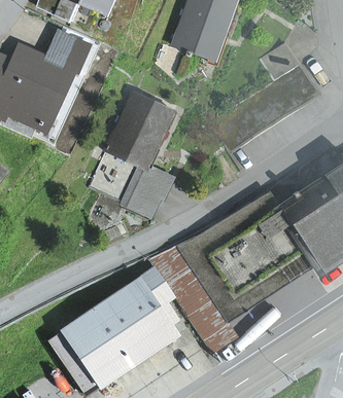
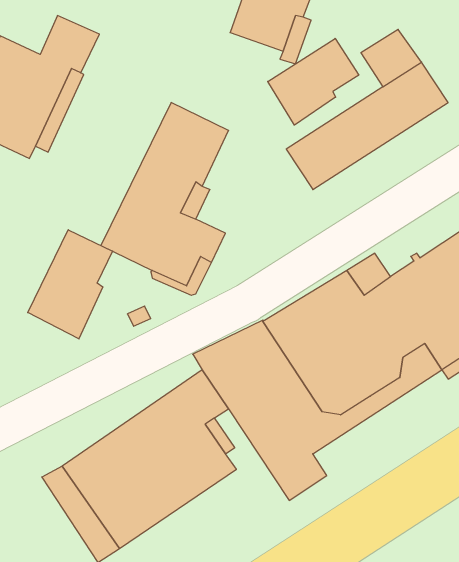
building: none -> [268,38,359,125]
building: none -> [28,230,113,339]

